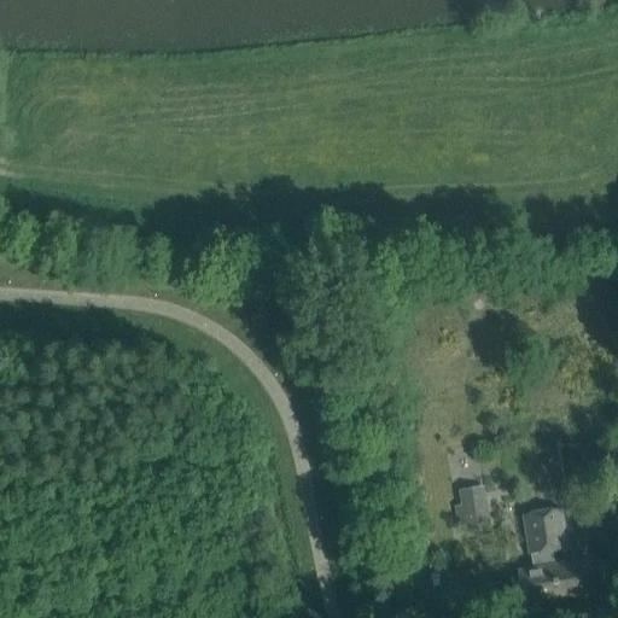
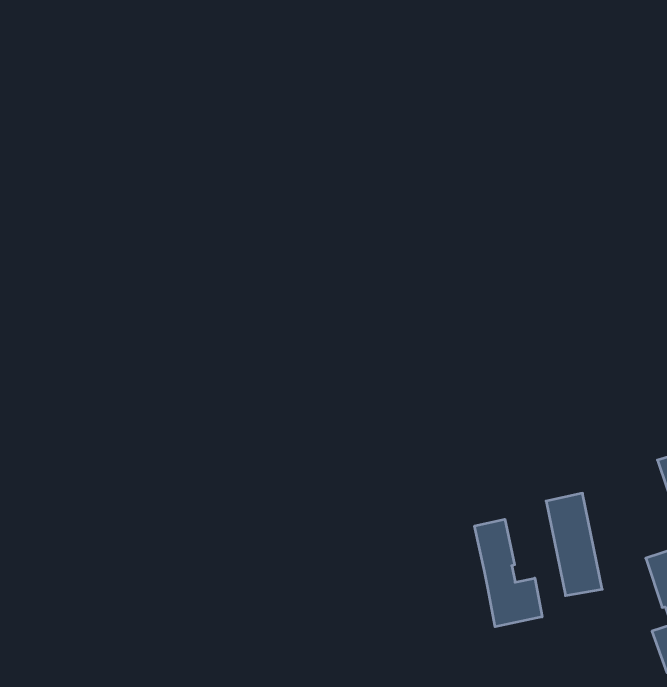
building: none -> [475,519,542,627]

